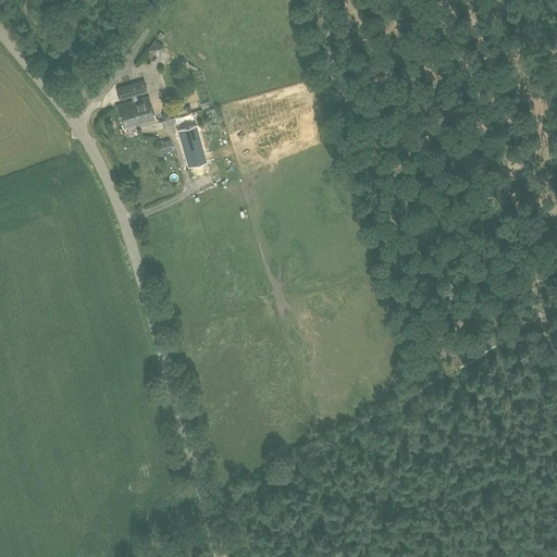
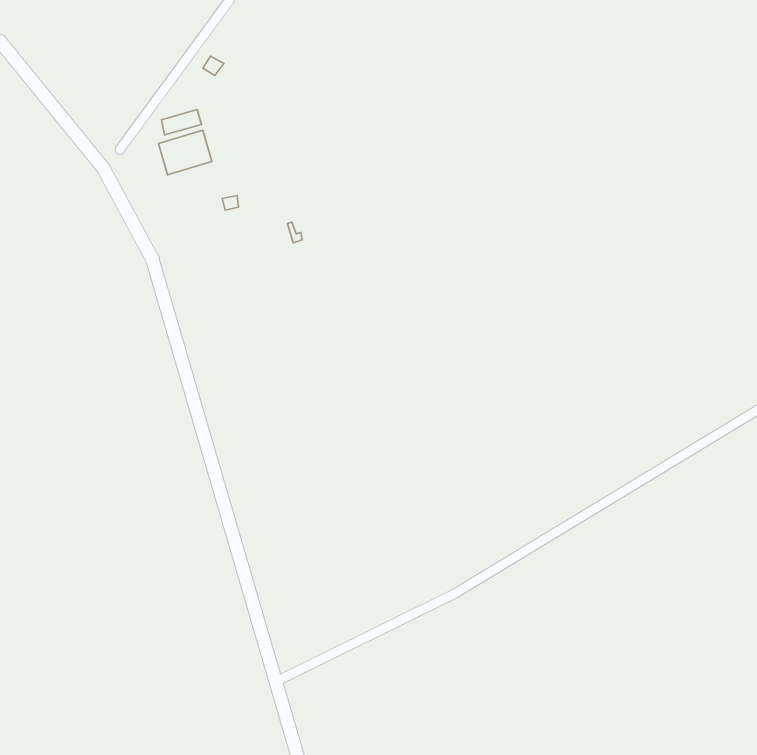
building: [174,113,202,156] -> none

